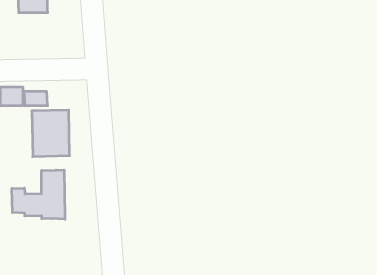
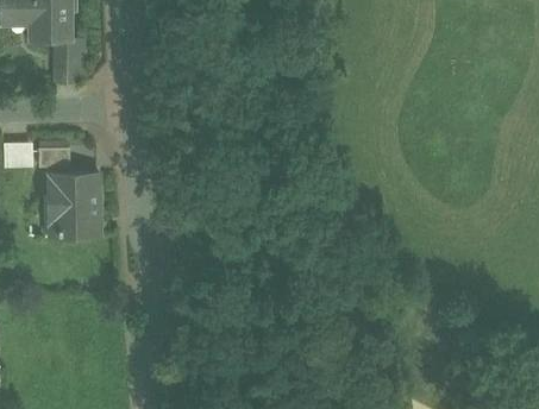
building: none -> [55,40,83,81]
building: [12,170,65,219] -> none

